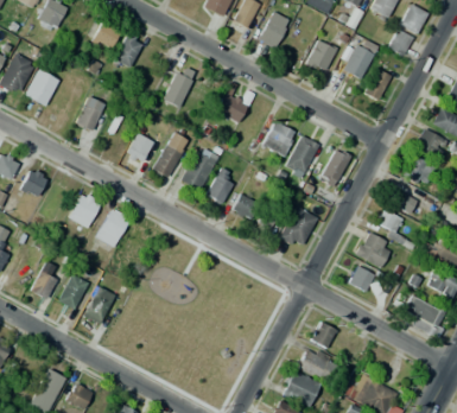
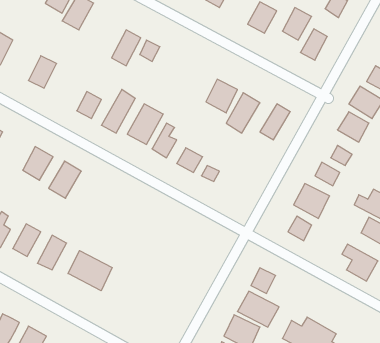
building: [215,91,248,122] -> none
building: [278,205,318,249] -> none
building: none -> [68,251,112,291]

